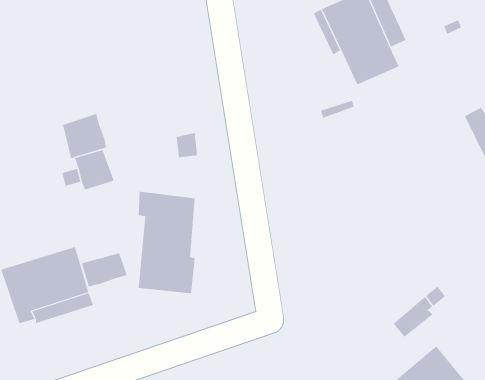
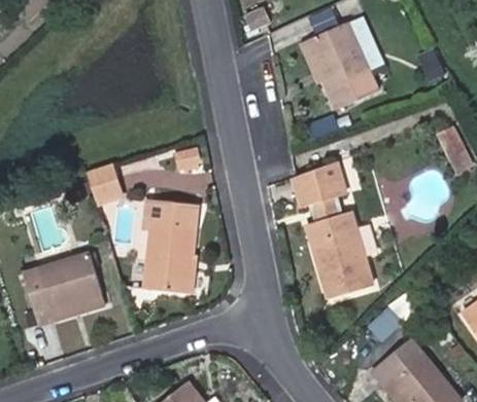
building: [63,113,107,159] -> none
building: none -> [292,161,373,297]
building: [81,252,128,287] -> none

